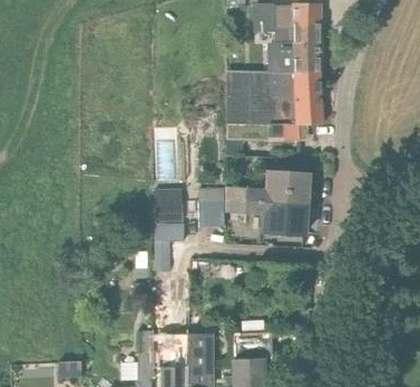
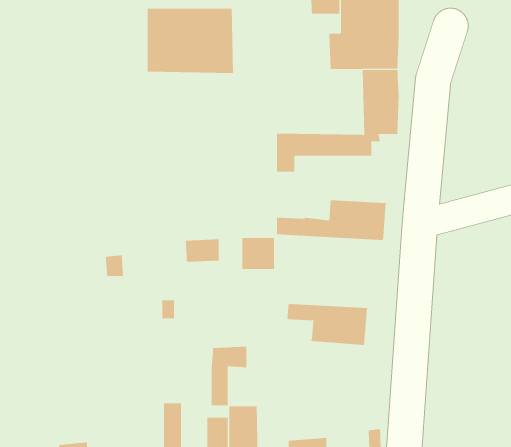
building: [225,73,292,123] -> [147,8,234,73]
building: [245,201,307,234] -> [286,303,368,345]
building: [156,224,184,269] -> [211,346,247,406]

